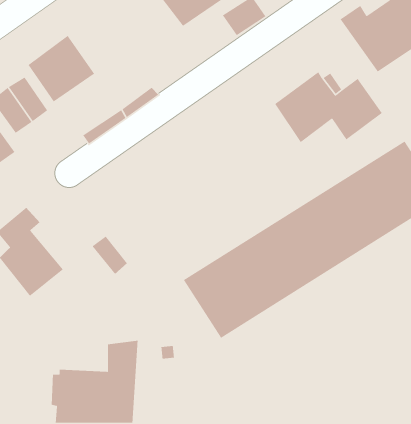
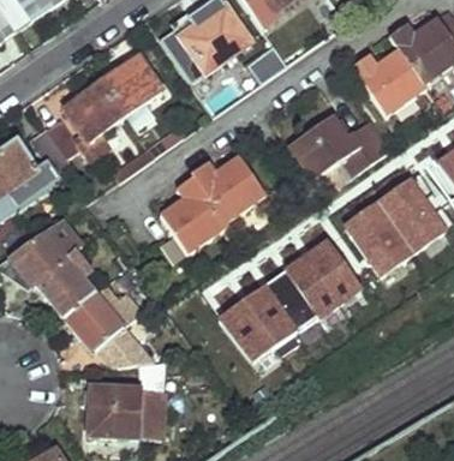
building: none -> [102,54,165,115]
building: none -> [162,152,269,255]
building: none -> [67,295,145,359]

